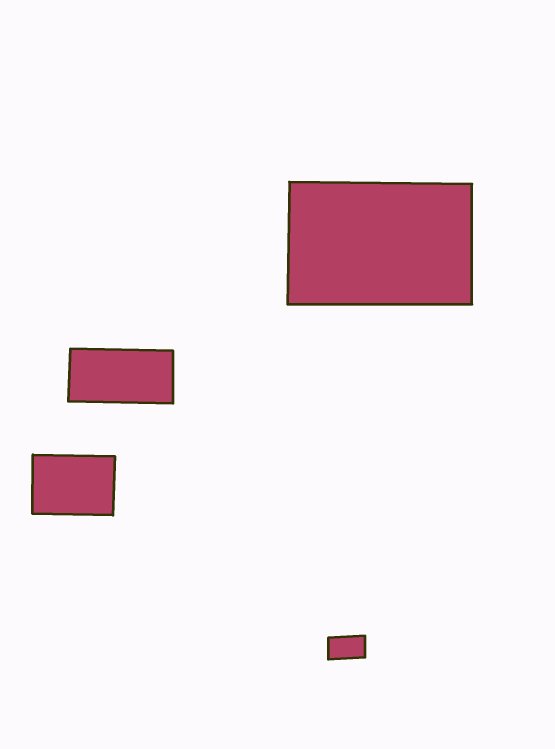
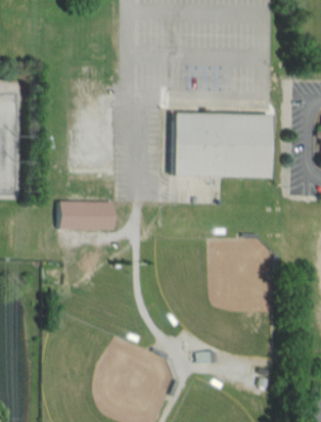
building: [33,455,115,515] -> none

